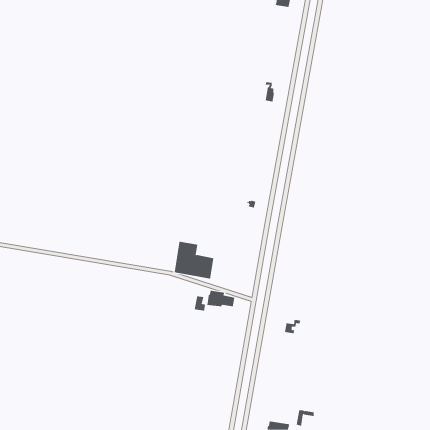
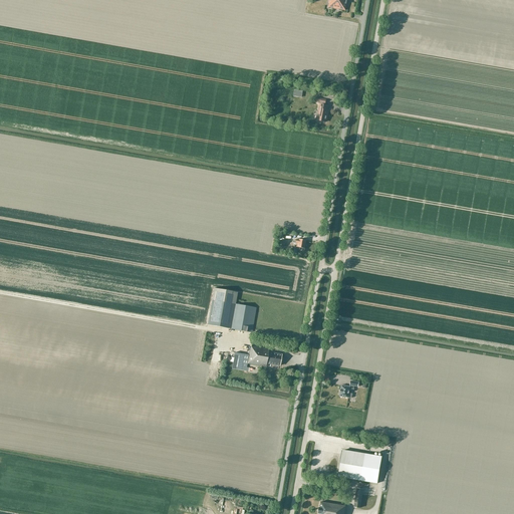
building: none -> [338,449,380,483]

